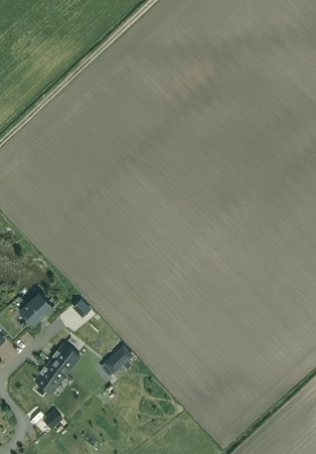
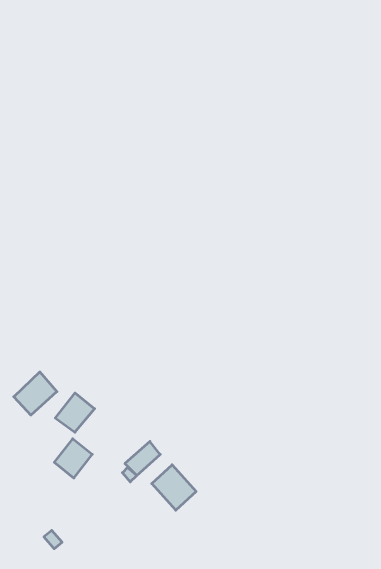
building: [35,361,65,392] -> [55,393,95,432]
building: none -> [152,465,196,510]

